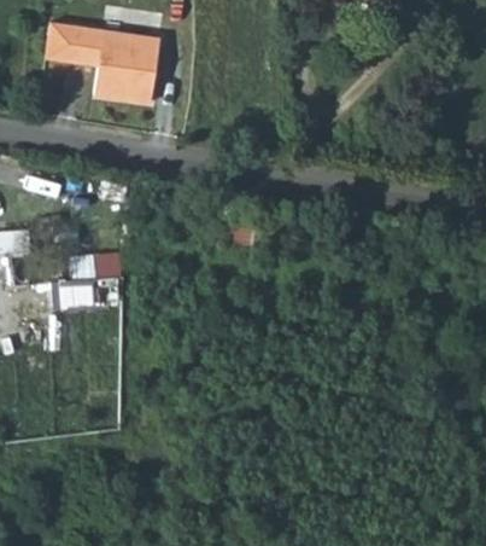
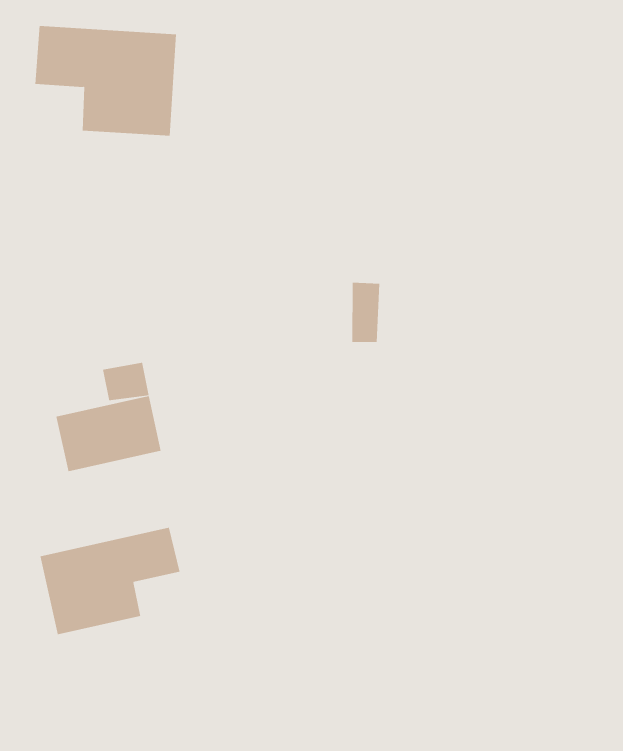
building: none -> [40,527,180,635]

